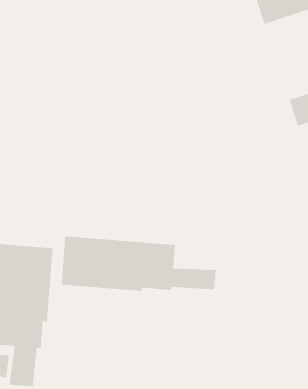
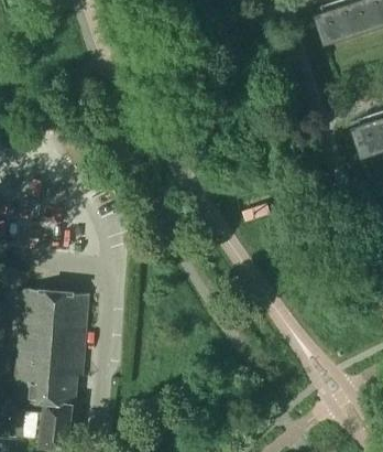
building: [61,236,216,292] -> none

